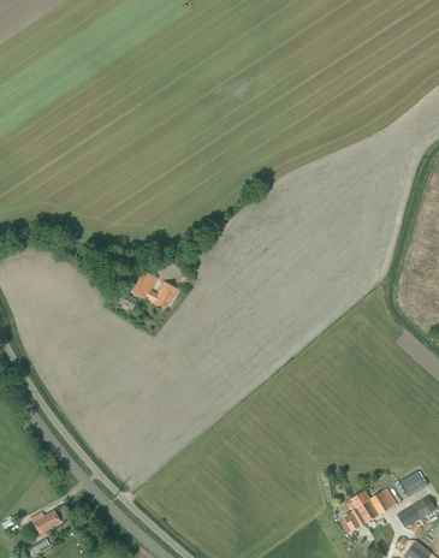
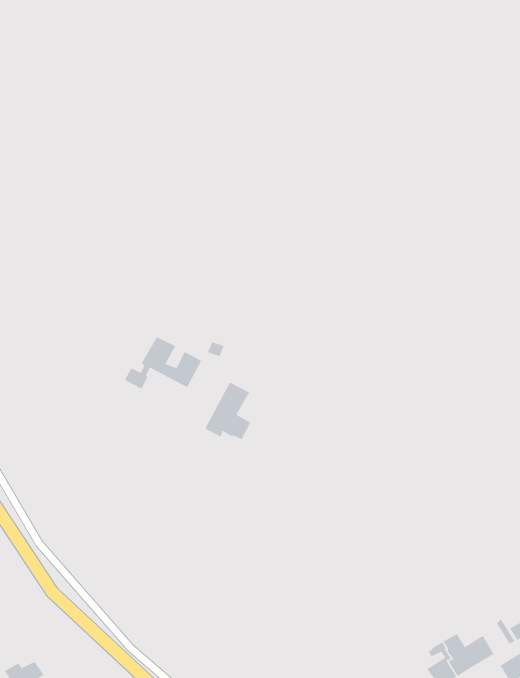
building: none -> [204,382,251,441]

